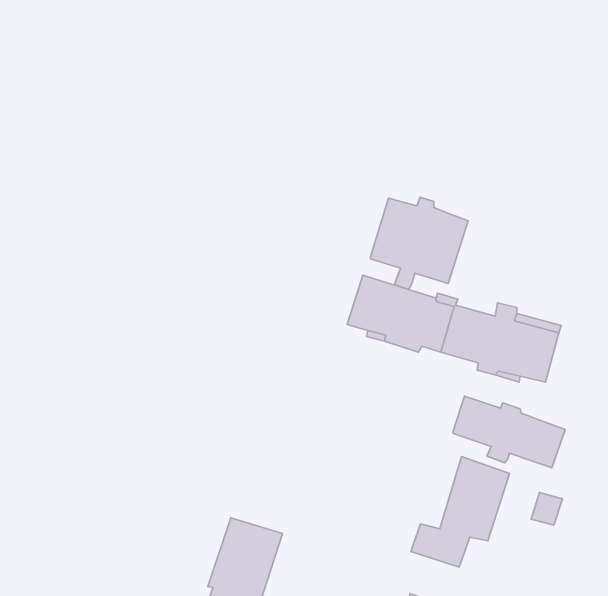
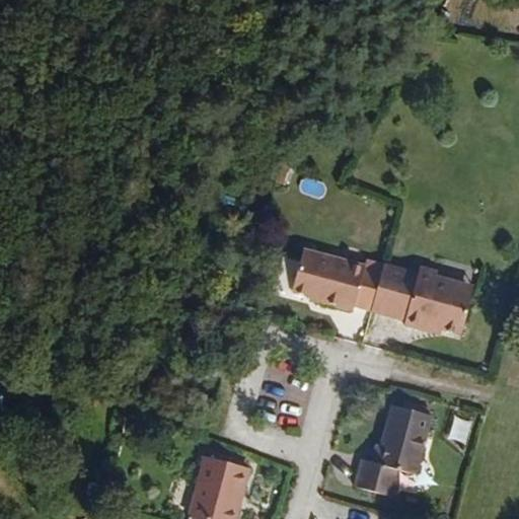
building: [371,197,468,289] -> none
building: [453,396,565,468] -> none

